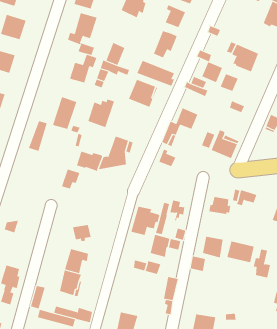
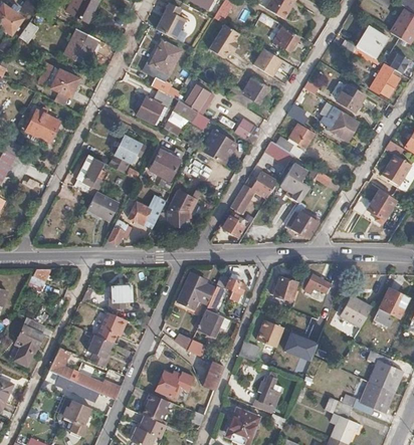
building: none -> [336,84,364,113]
building: none -> [281,164,308,198]
building: none -> [86,192,118,221]
building: [253,249,271,278] -> [258,372,279,407]
building: none -> [160,374,184,399]

